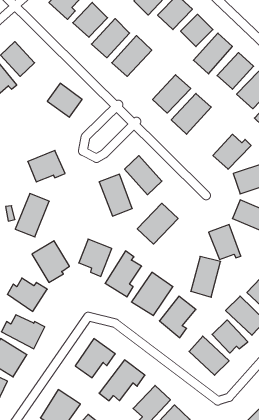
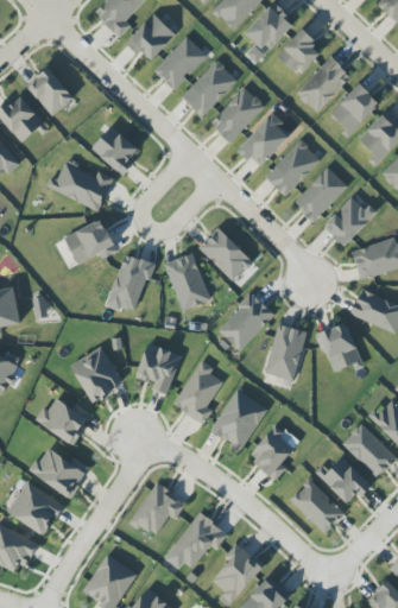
building: none -> [210,87,265,142]
building: none -> [46,160,113,210]
building: none -> [293,166,348,222]
building: [15,194,49,237] -> [106,253,153,314]
building: [191,256,221,297] -> [265,324,307,381]

